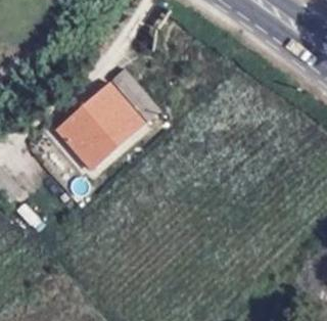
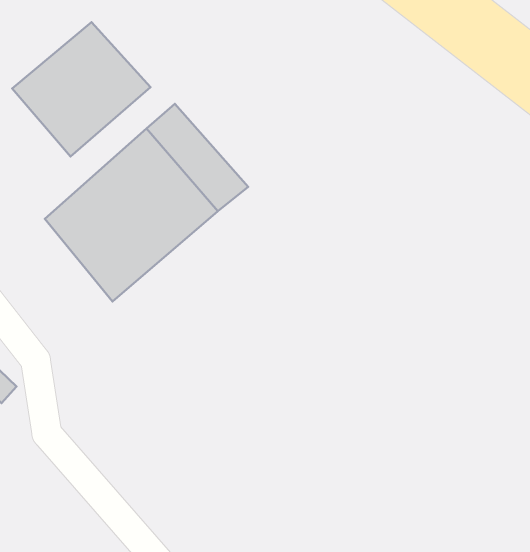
building: none -> [12,22,151,156]

